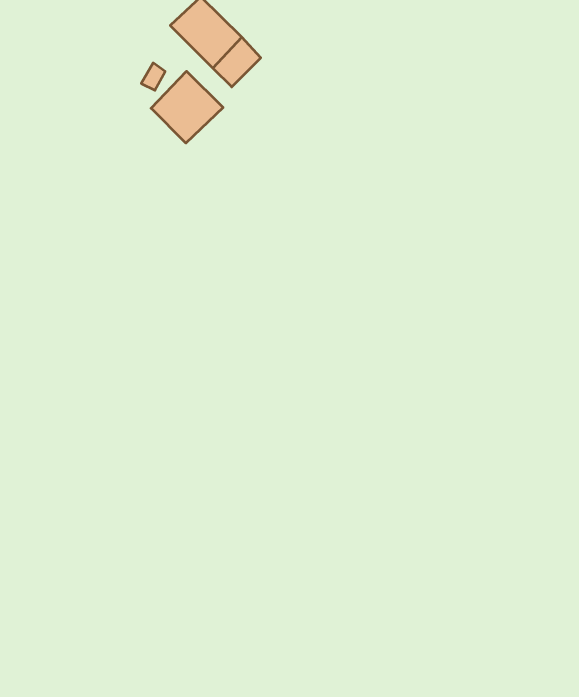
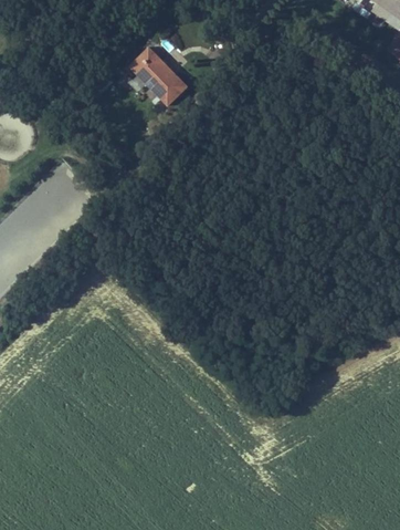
building: [151,71,223,143] -> none

